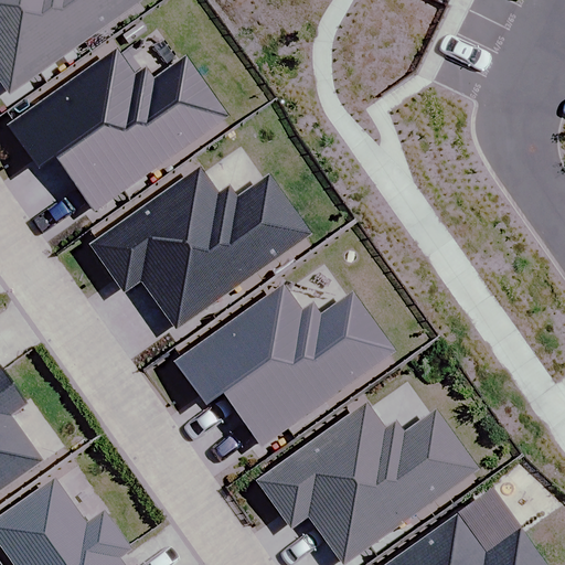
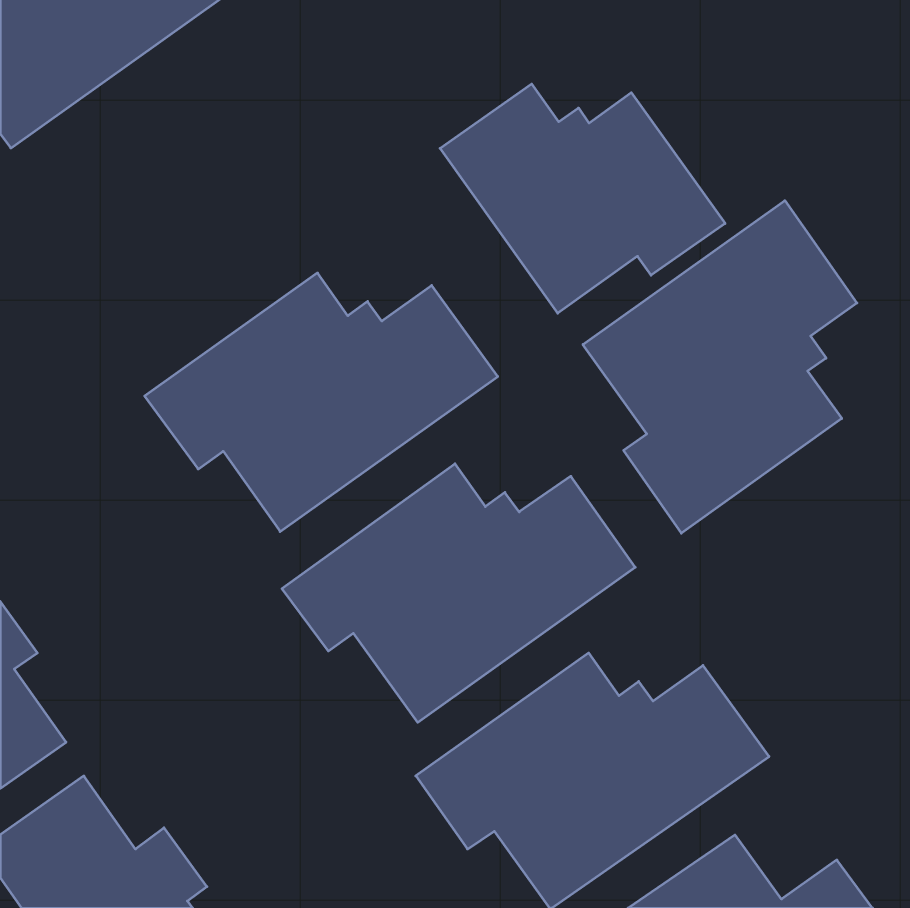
building: [9,51,227,210] -> none
building: none -> [440,84,725,313]
building: none -> [583,201,857,533]

